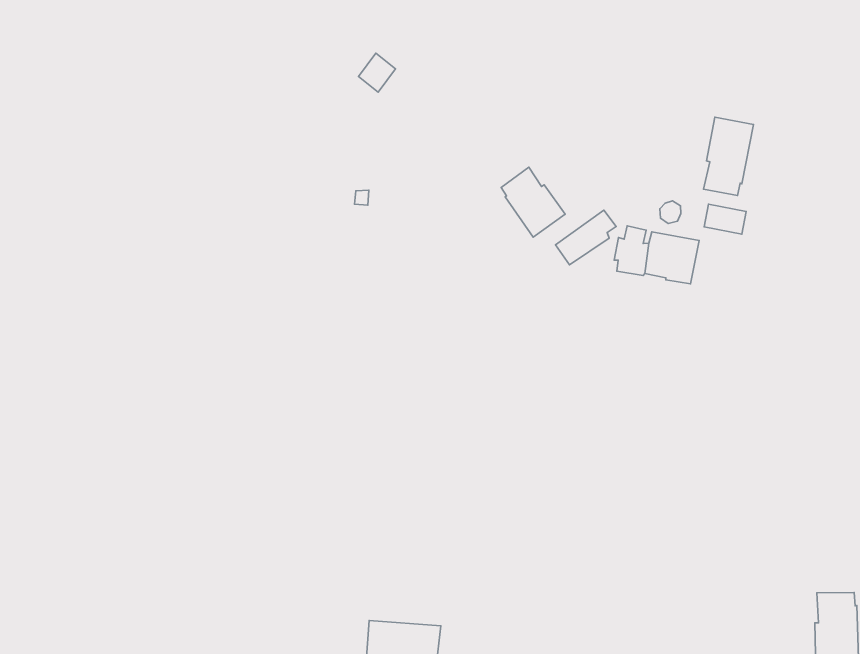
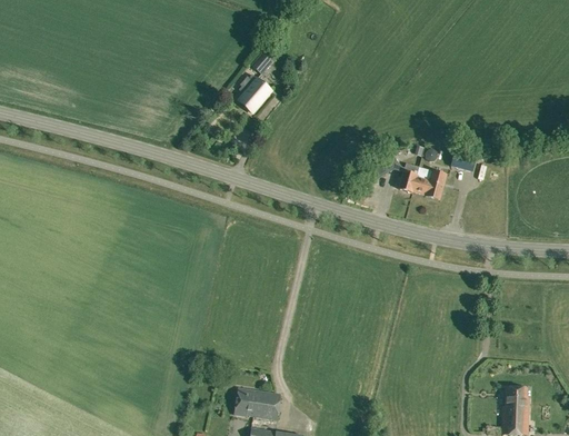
building: none -> [238,79,270,112]
building: [703,117,754,195] -> none
building: [501,167,565,237] -> none

